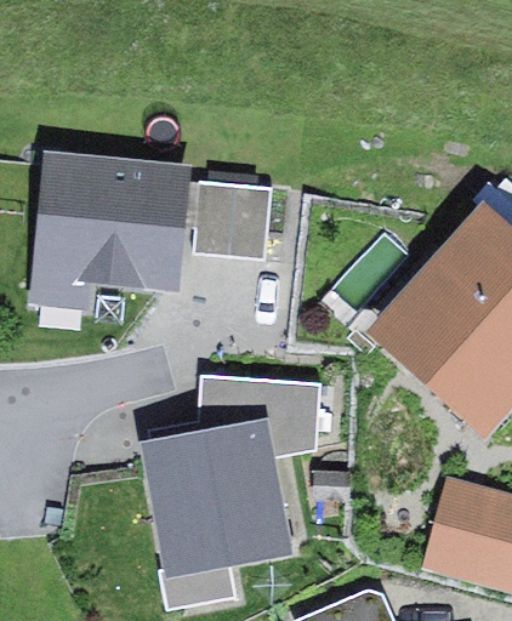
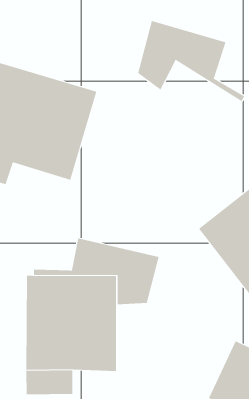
building: none -> [137,20,245,102]
building: [195,182,273,263] -> none

